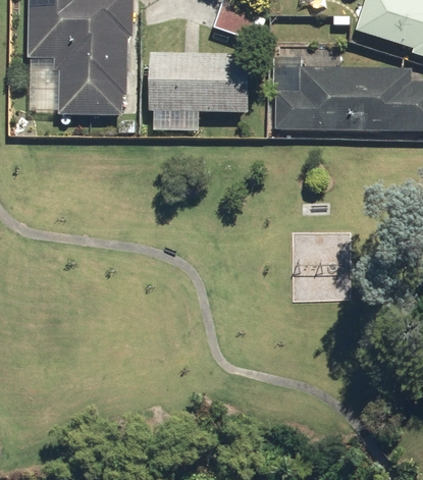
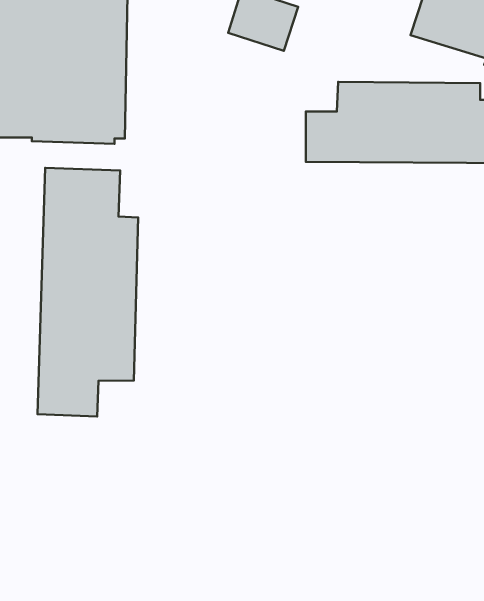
building: [148,51,250,130] -> none
building: none -> [38,168,138,416]

